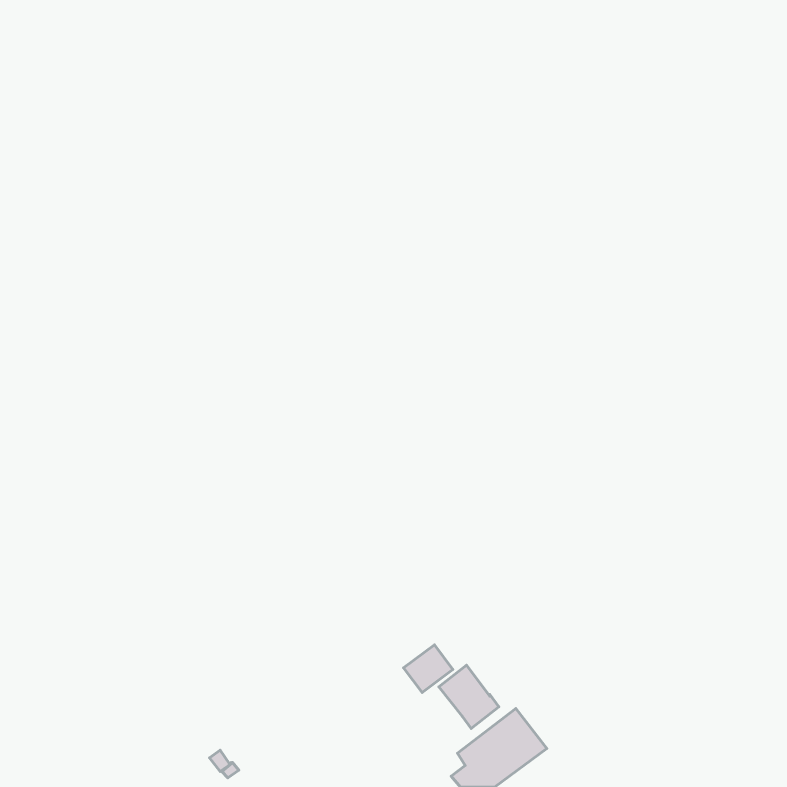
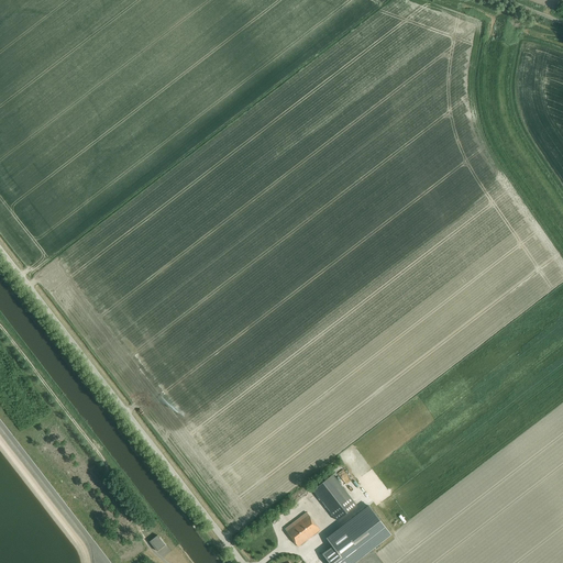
building: [404,645,453,693] -> [285,512,320,547]

